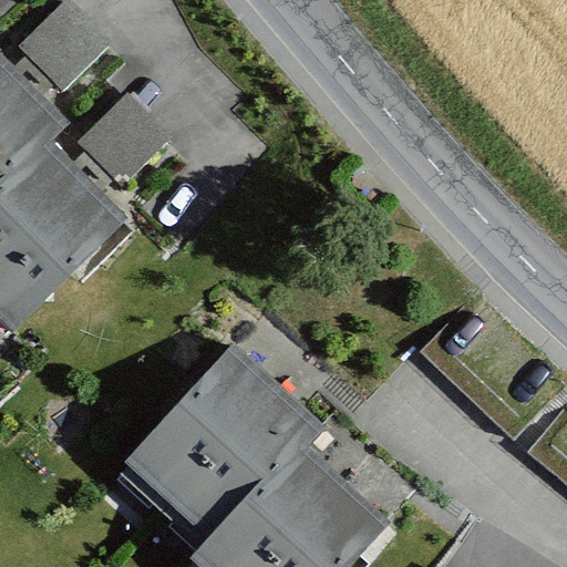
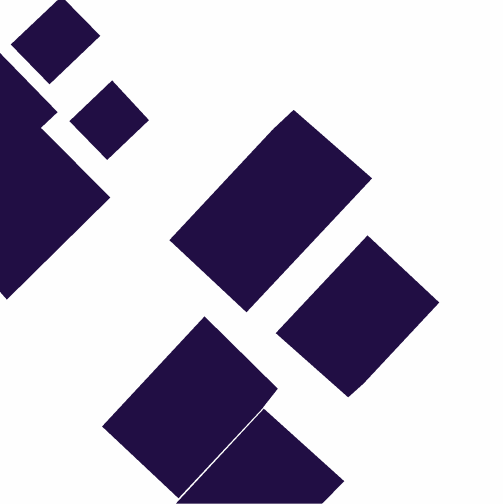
building: none -> [168,109,373,313]
building: none -> [275,235,440,398]

